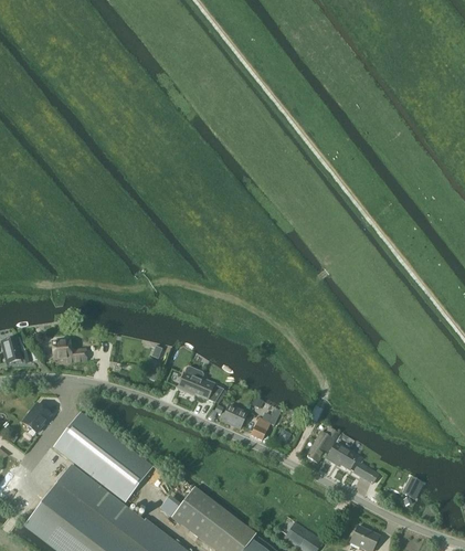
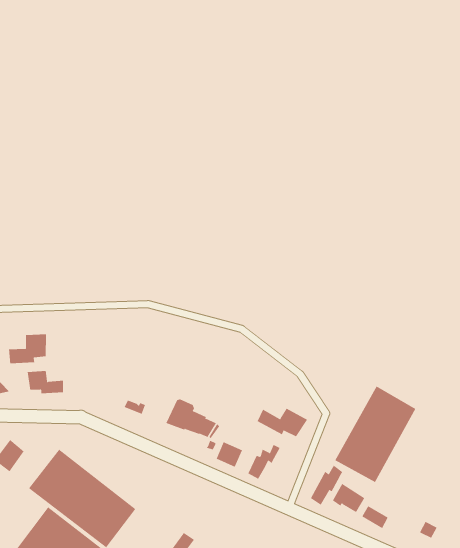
building: none -> [8,334,46,364]
building: none -> [334,386,416,483]
building: none -> [257,408,308,437]

